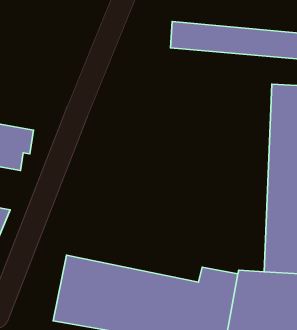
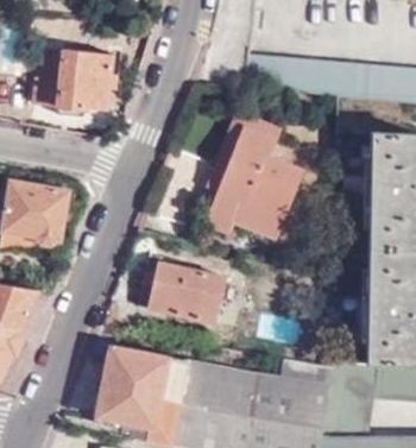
building: none -> [33,46,121,116]
building: none -> [207,113,302,238]
building: none -> [150,264,226,323]

